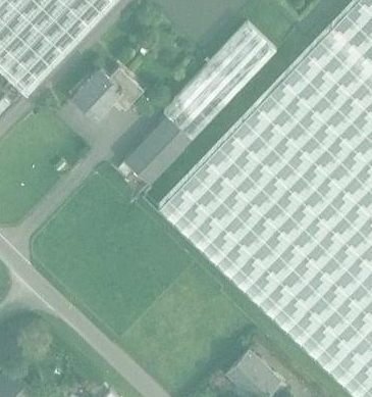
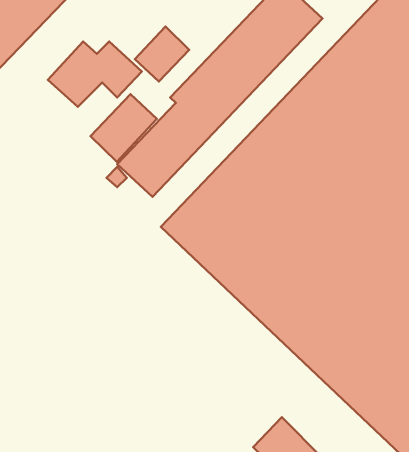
building: none -> [135,26,189,81]
building: none -> [90,94,157,162]

